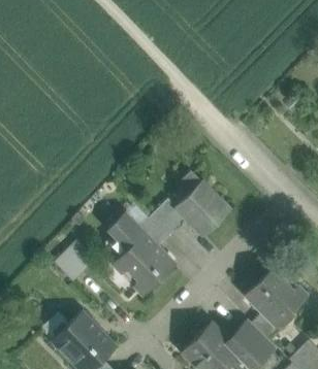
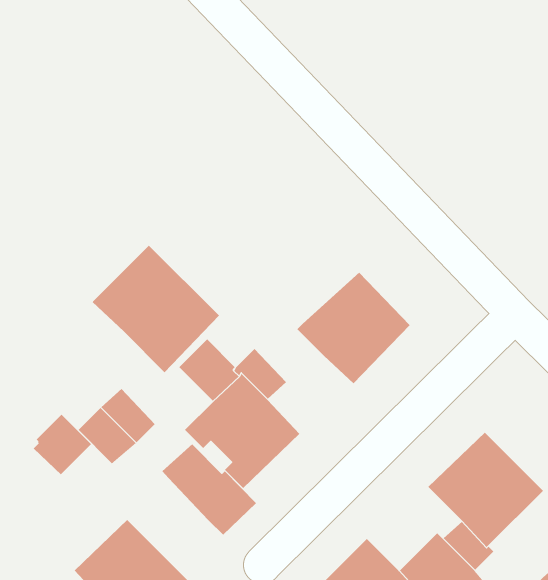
building: none -> [92,245,220,373]
building: [150,199,187,239] -> none
building: none -> [33,414,92,475]
building: none -> [161,443,257,536]

